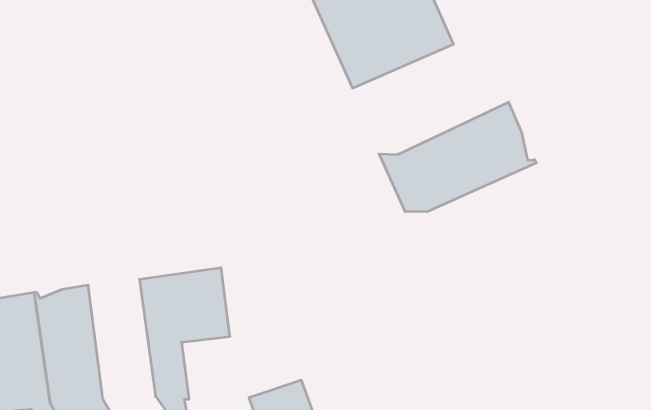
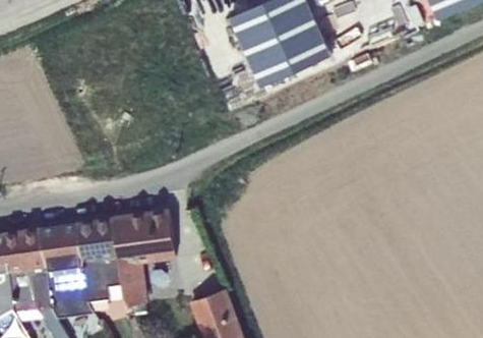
building: [379,102,536,212] -> none
building: none -> [76,219,123,302]

